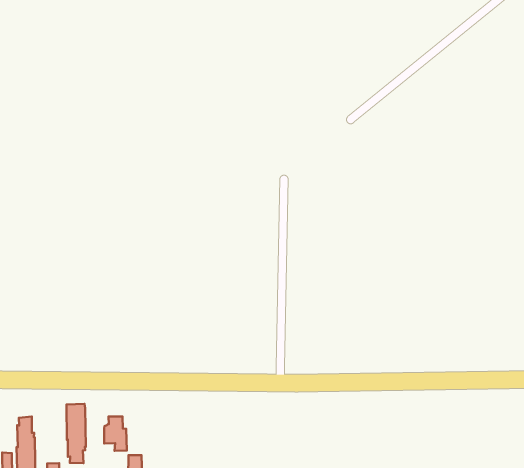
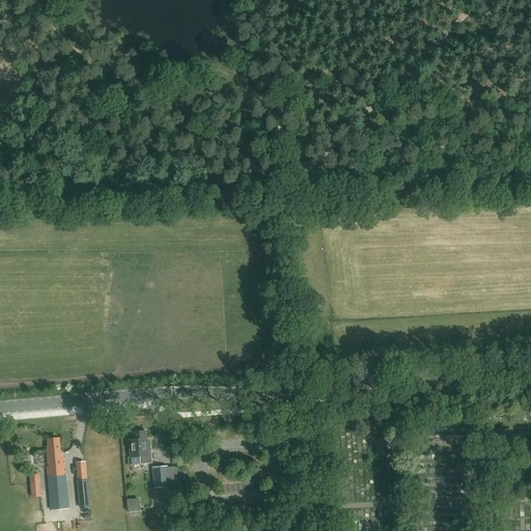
building: [66,404,86,463] -> none

